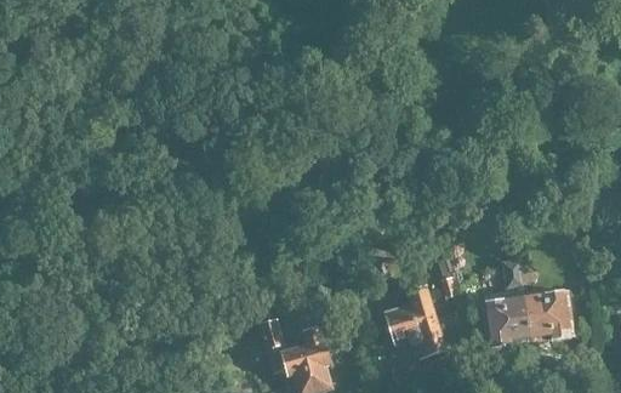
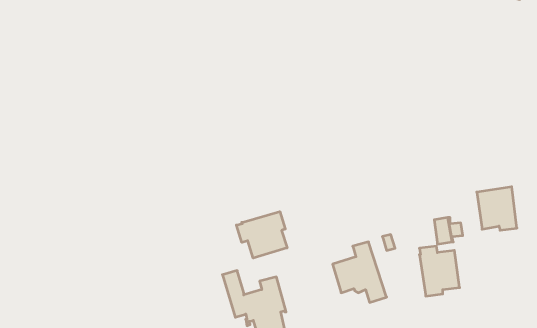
building: none -> [236,212,287,258]
building: [524,290,570,340] -> [477,187,517,230]

